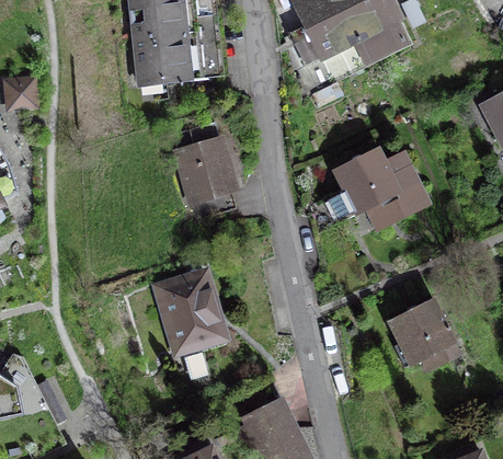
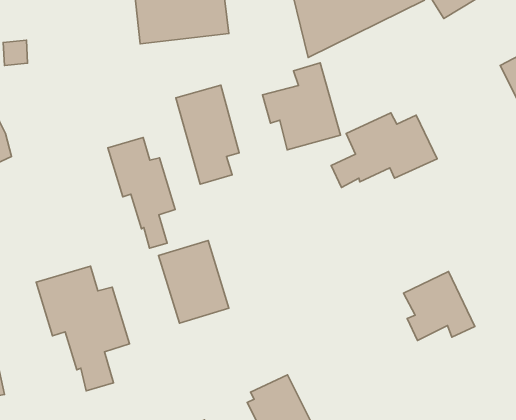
building: none -> [262,63,341,150]
building: none -> [108,138,175,248]
building: none -> [36,266,130,391]

